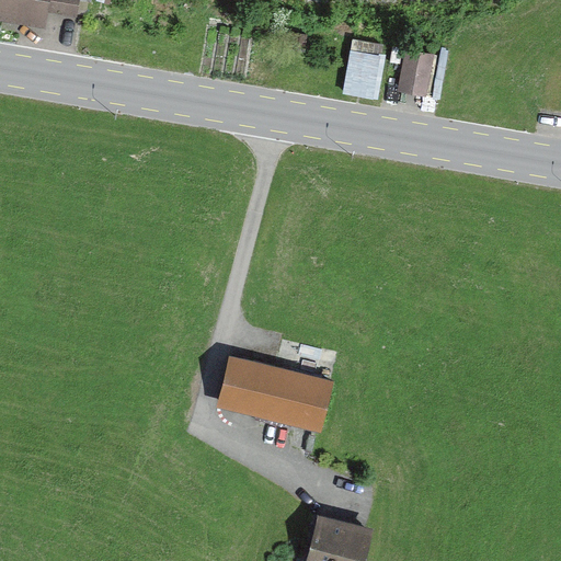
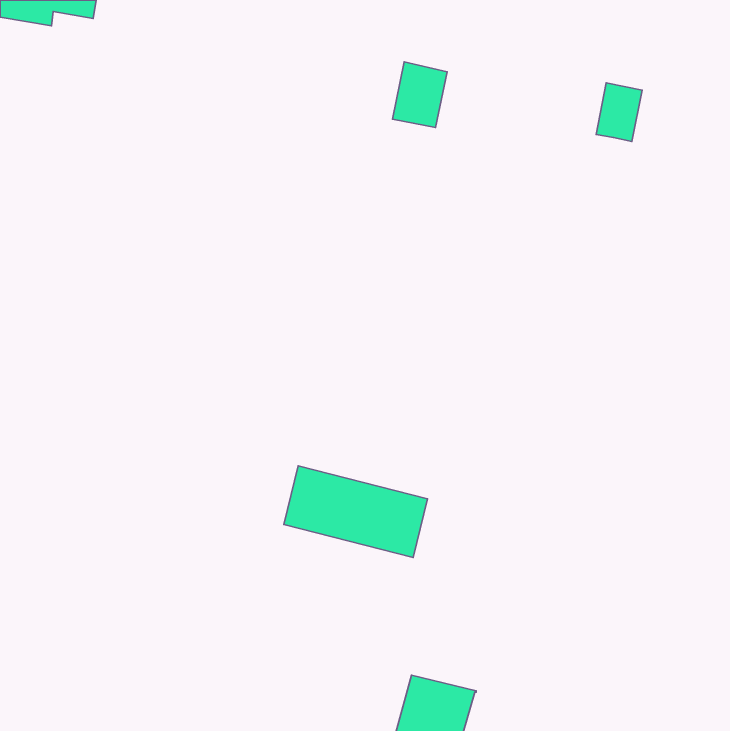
building: [346,49,388,100] -> [393,62,447,128]
building: [399,50,434,95] -> [596,83,642,142]

